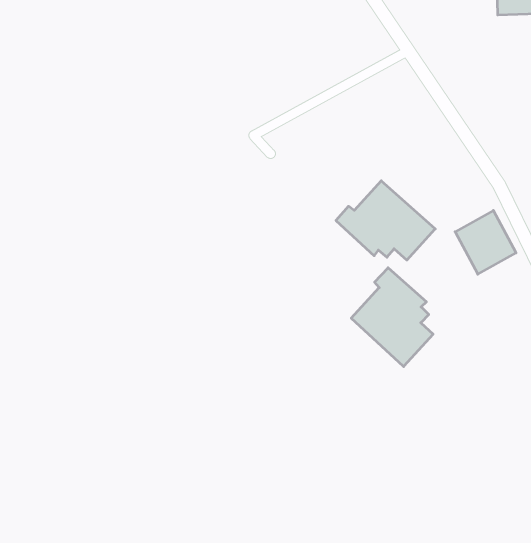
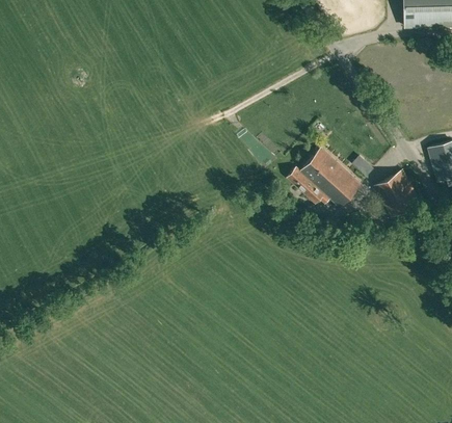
building: [351,268,433,367] -> none

